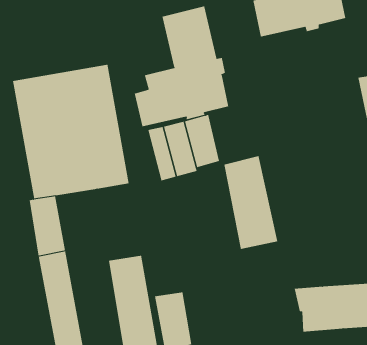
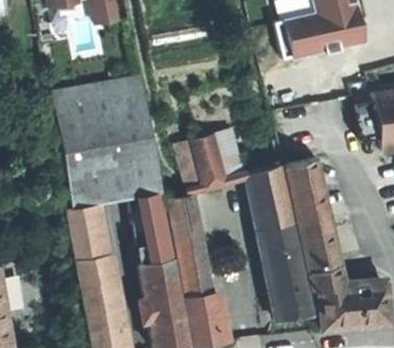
building: [134,6,229,127] -> none
building: none -> [284,163,340,291]
building: none -> [131,194,172,265]
building: none -> [168,197,210,298]
building: none -> [263,248,312,321]

